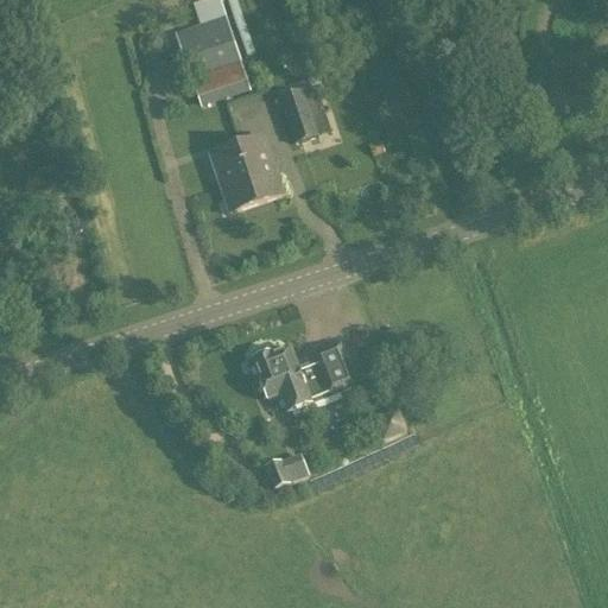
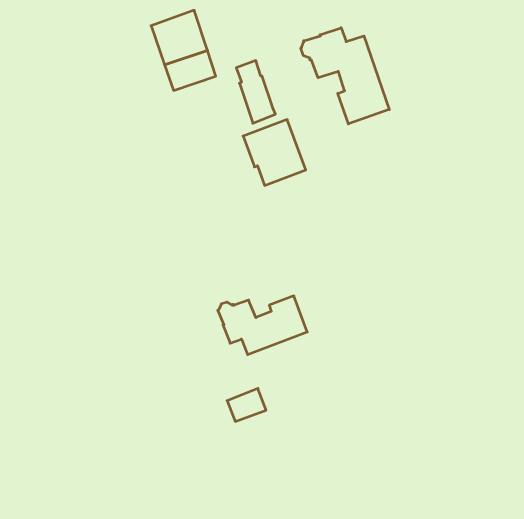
building: none -> [301,28,389,124]
building: [211,135,284,211] -> [243,120,306,185]

